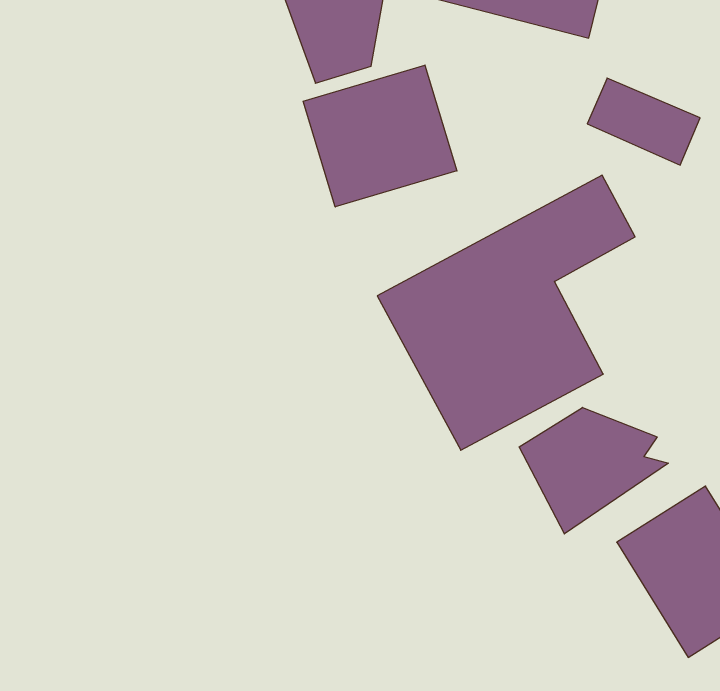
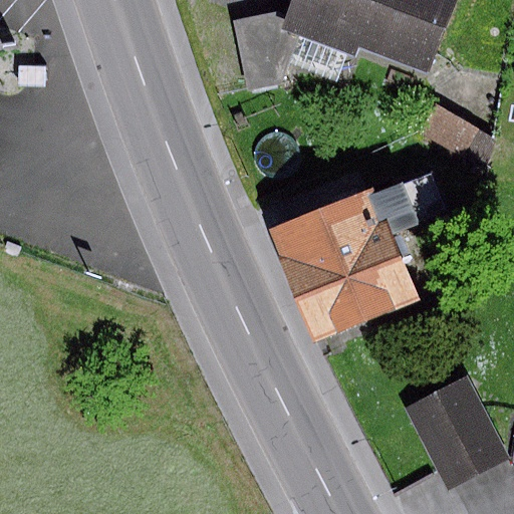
building: [303,65,457,207] -> none
building: [519,407,668,534] -> none

